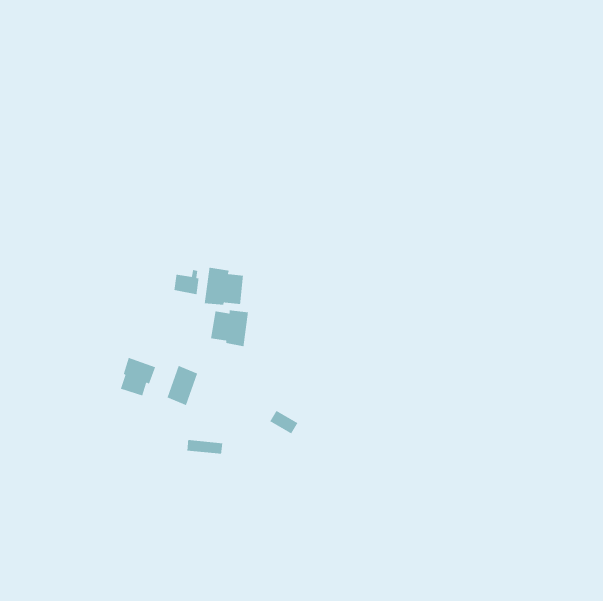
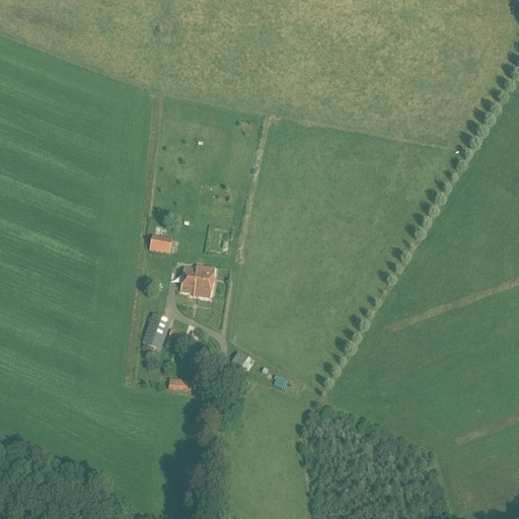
building: [204,267,244,305] -> none
building: [120,357,156,396] -> none

